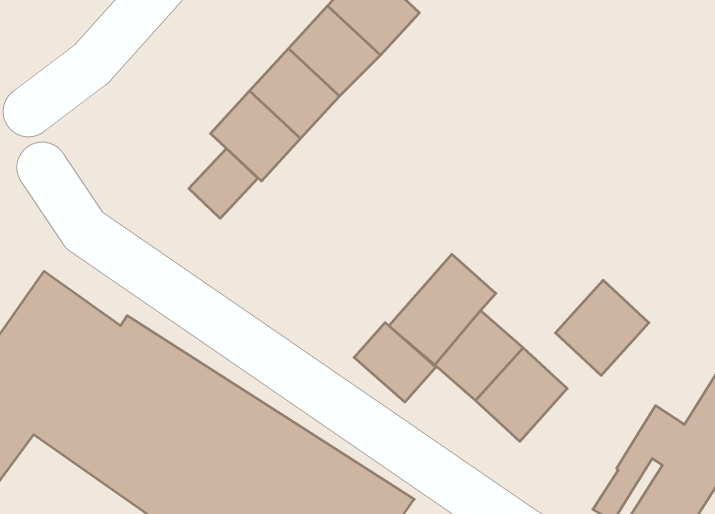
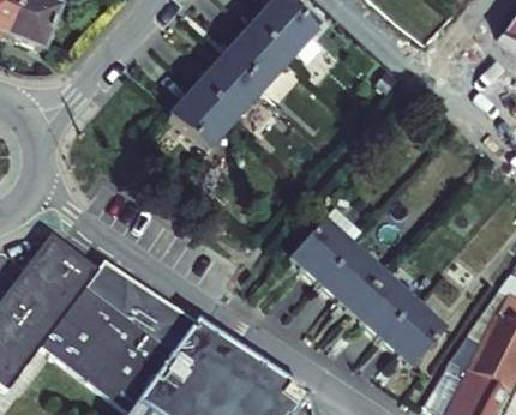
building: [189,148,258,218] -> none
building: [555,280,649,375] -> [377,309,443,377]
building: [354,323,436,402] -> none

